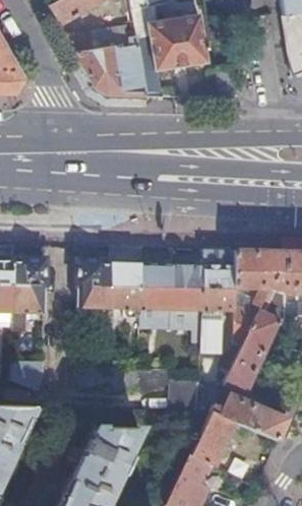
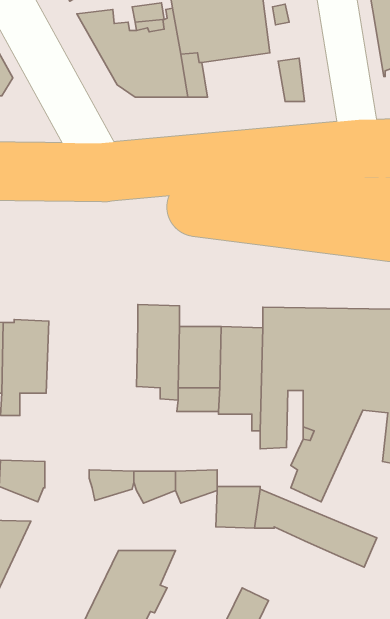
building: [78,259,113,307] -> none
building: [191,409,235,466] -> none

